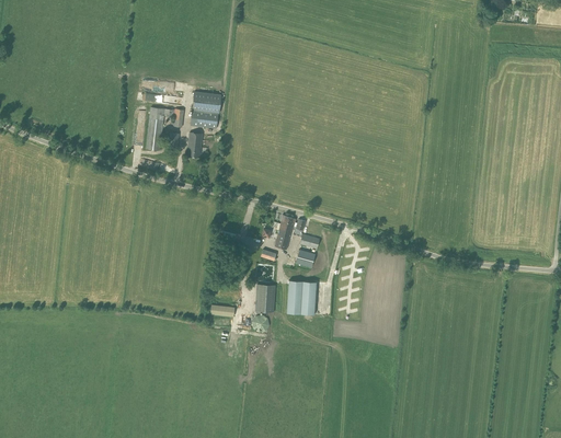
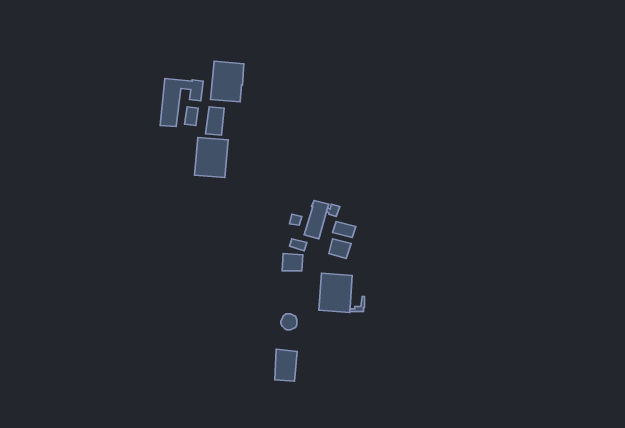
building: none -> [194,138,228,178]
building: [255,284,275,312] -> [275,349,297,381]

